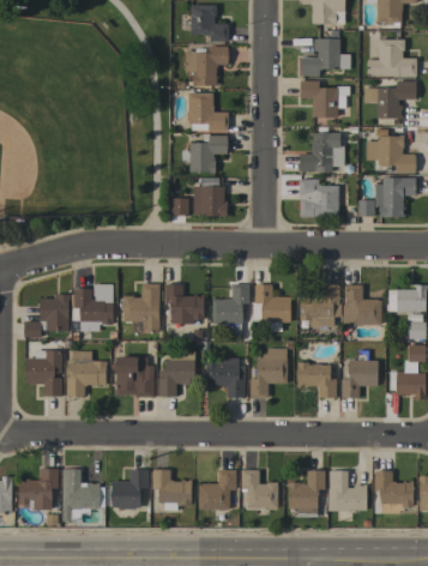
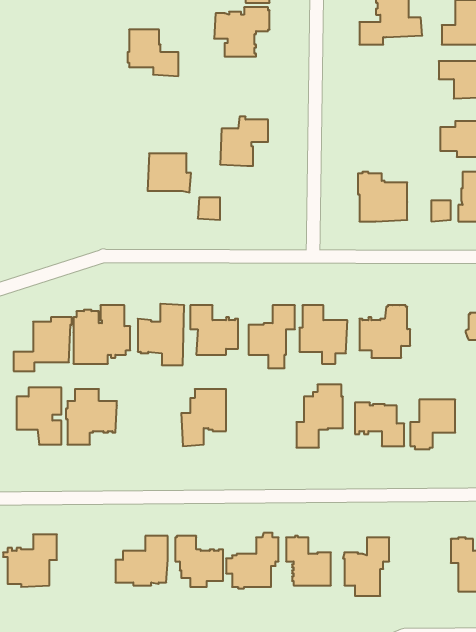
building: [301,80,349,116] -> none
building: [188,94,229,131] -> [128,30,178,76]
building: [300,132,344,171] -> none
building: [193,186,228,217] -> [148,153,191,192]
building: [343,285,381,326] -> none
building: [116,356,155,397] -> none
building: [206,357,247,397] -> none
building: [62,469,106,522] -> none
building: [328,470,367,520] -> none

